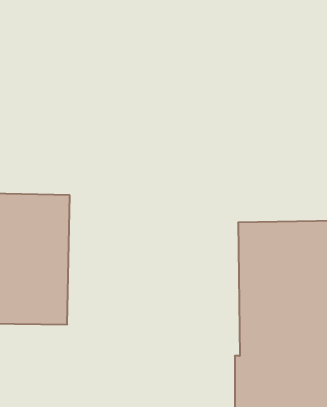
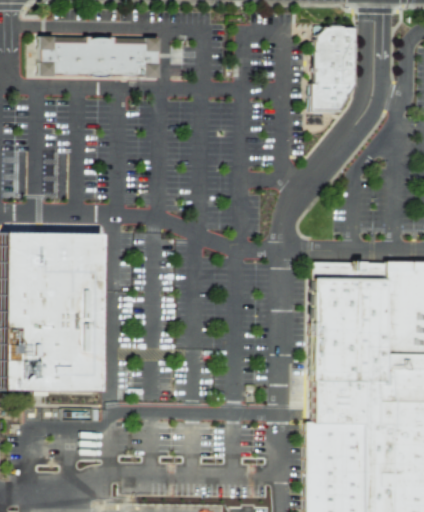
building: none -> [310,30,353,109]
building: none -> [28,33,159,77]

